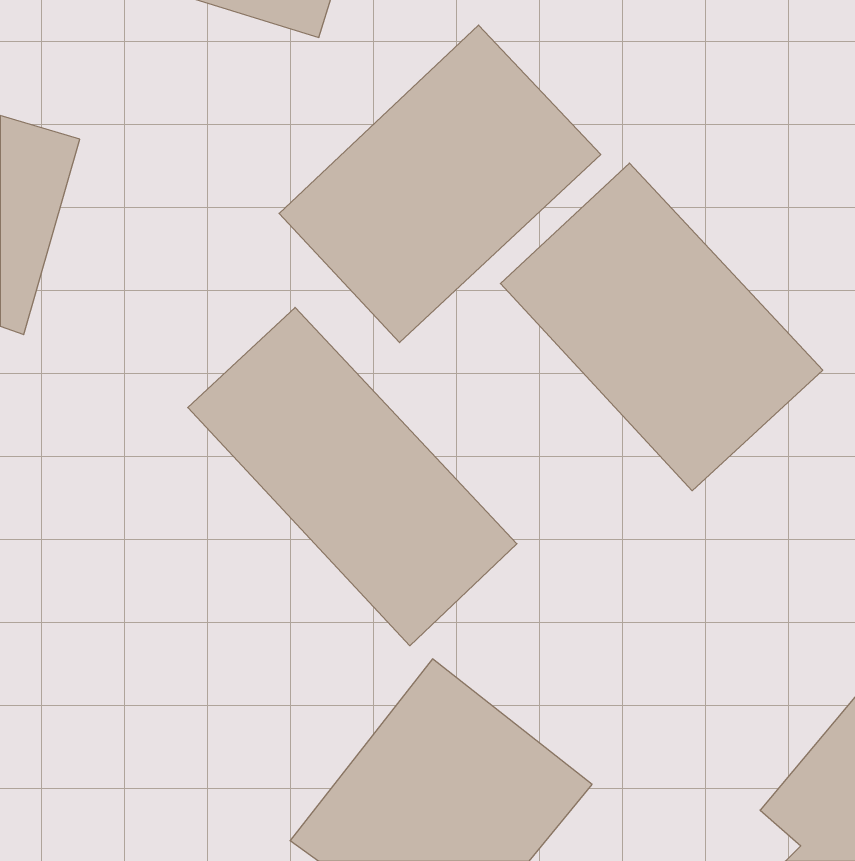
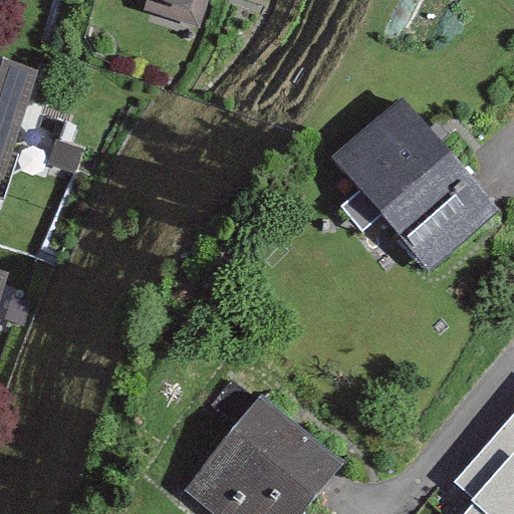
building: [279,25,601,343] -> none
building: [188,307,517,646] -> none

